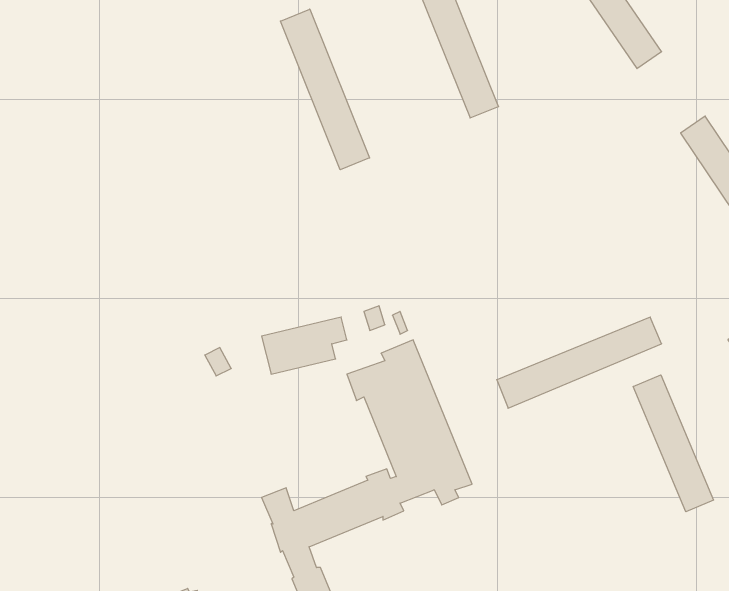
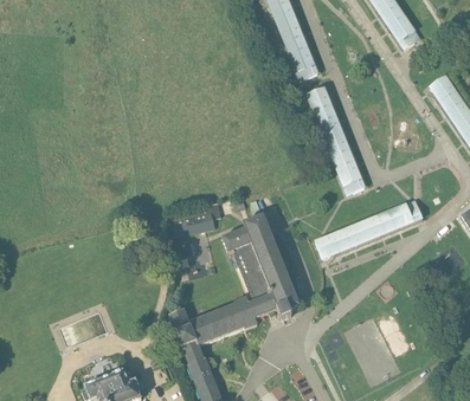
building: [280,9,370,170] -> none
building: none -> [307,88,362,190]
building: [633,375,713,512] -> none

